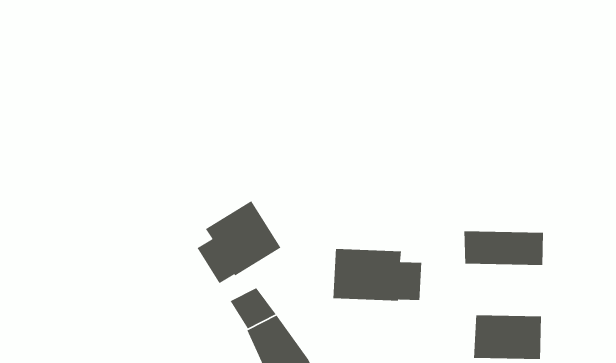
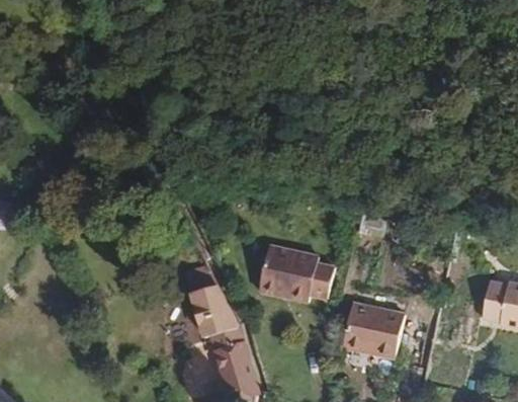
building: [197,200,281,284] -> none
building: [464,230,544,266] -> none

